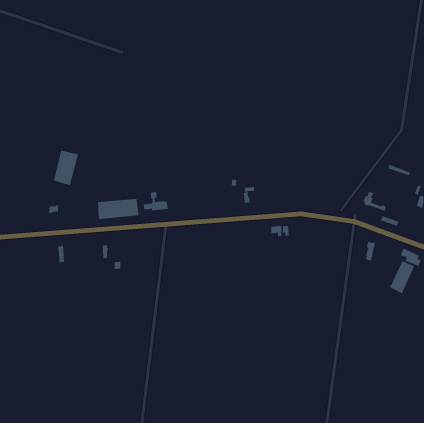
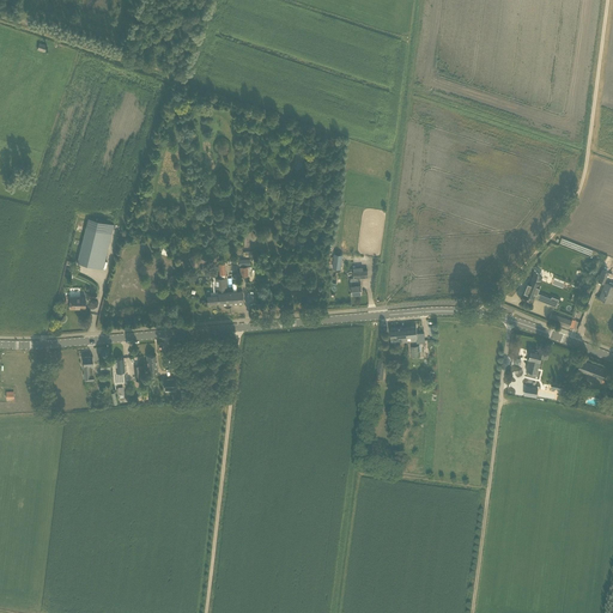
building: [97,198,139,220] -> none
building: [389,260,415,294] -> none

